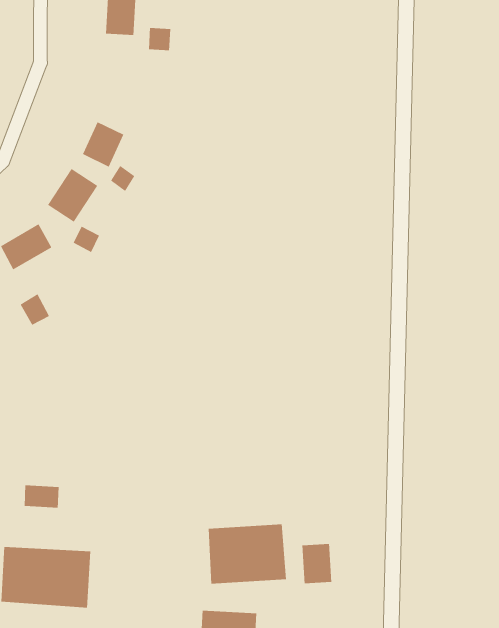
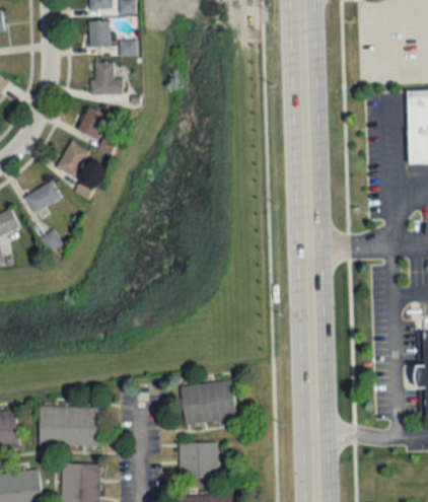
building: none -> [92,62,123,94]
building: [24,485,59,508] -> none
building: [302,543,332,584] -> none

